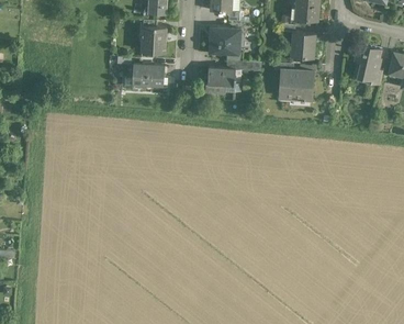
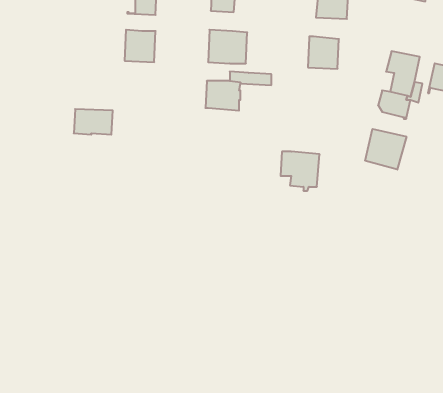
building: [132,65,164,86] -> [74,109,113,135]
building: [281,70,313,102] -> [281,152,320,191]
building: none -> [365,129,406,170]

